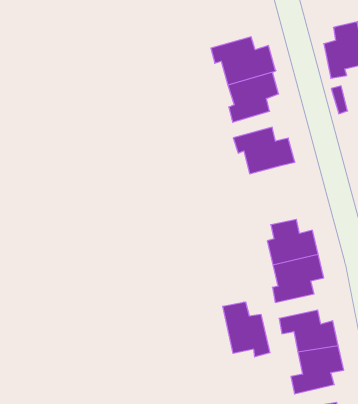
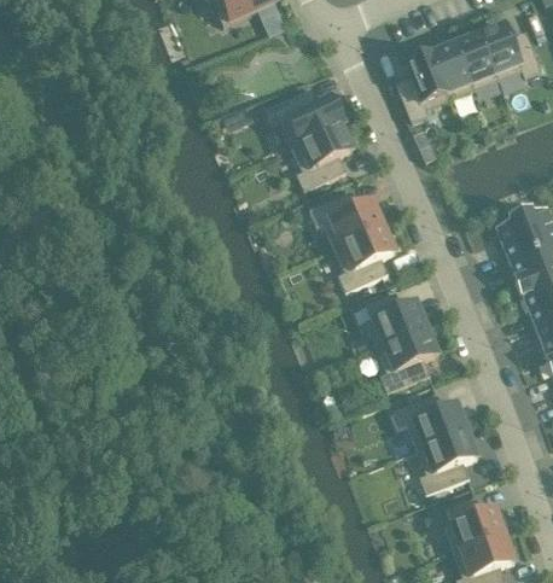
building: none -> [333,223,396,290]
building: [223,302,270,357] -> none

